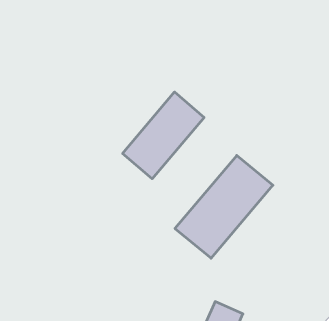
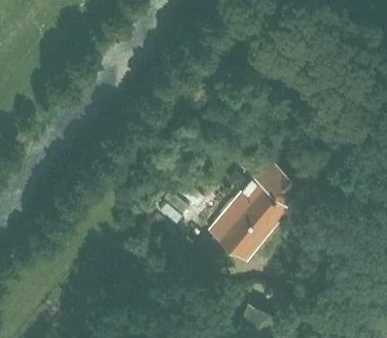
building: [123,92,204,179] -> none

